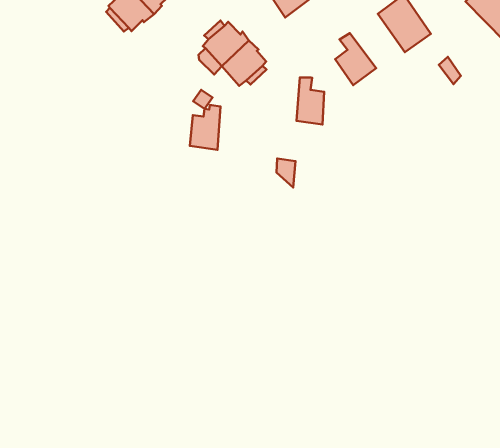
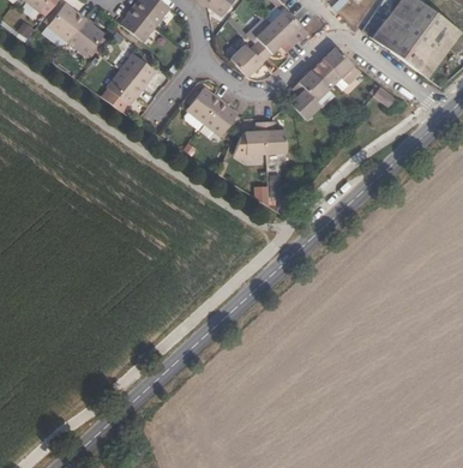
building: none -> [296,64,335,108]
building: [190,105,221,150] -> [242,121,265,155]

